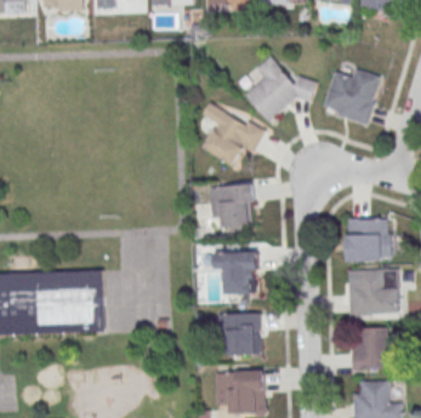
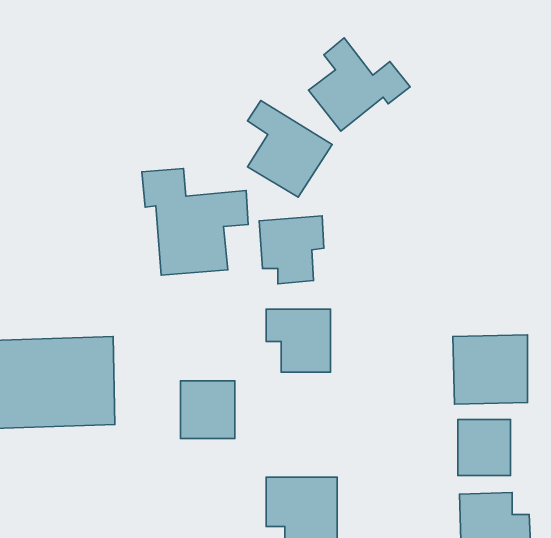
building: [320,67,382,125] -> none
building: none -> [142,169,248,275]
building: [345,217,393,262] -> none
building: [221,313,260,354] -> [181,381,235,439]

